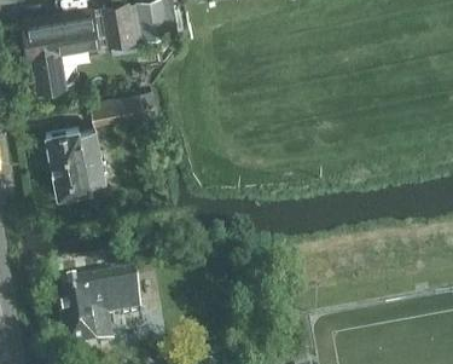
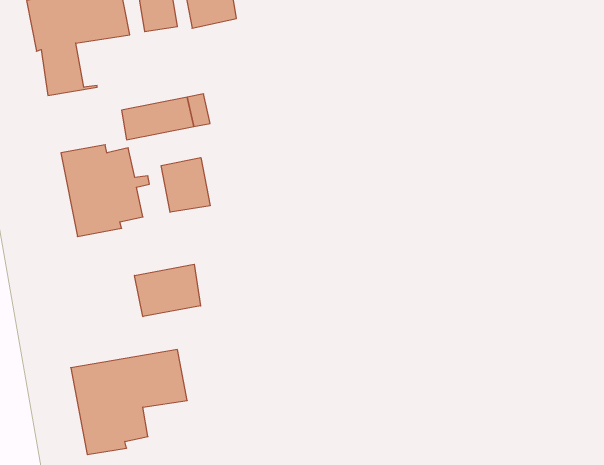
building: none -> [161,158,210,212]
building: none -> [135,264,201,317]

